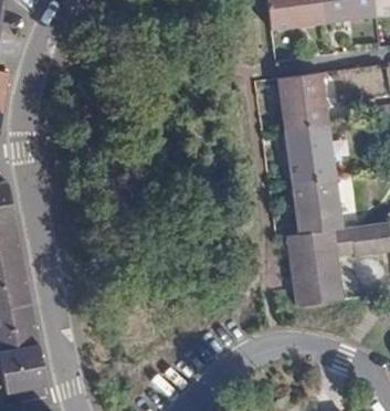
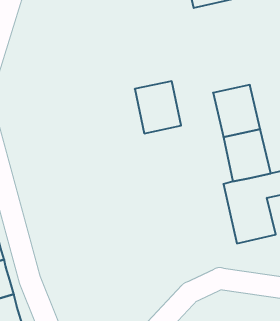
building: [277,73,327,130] -> [135,81,181,133]

